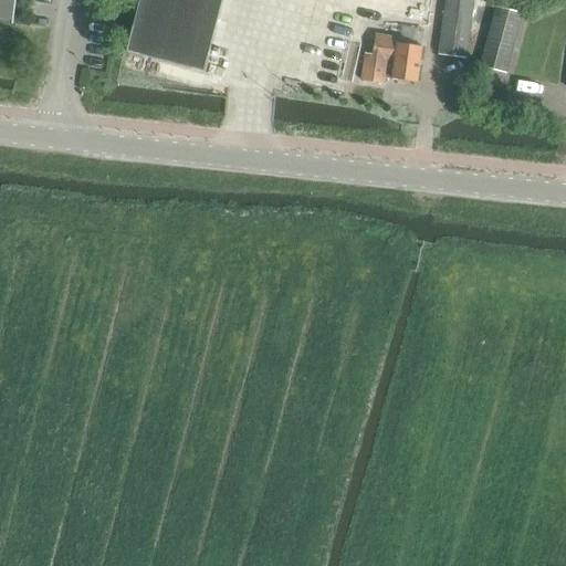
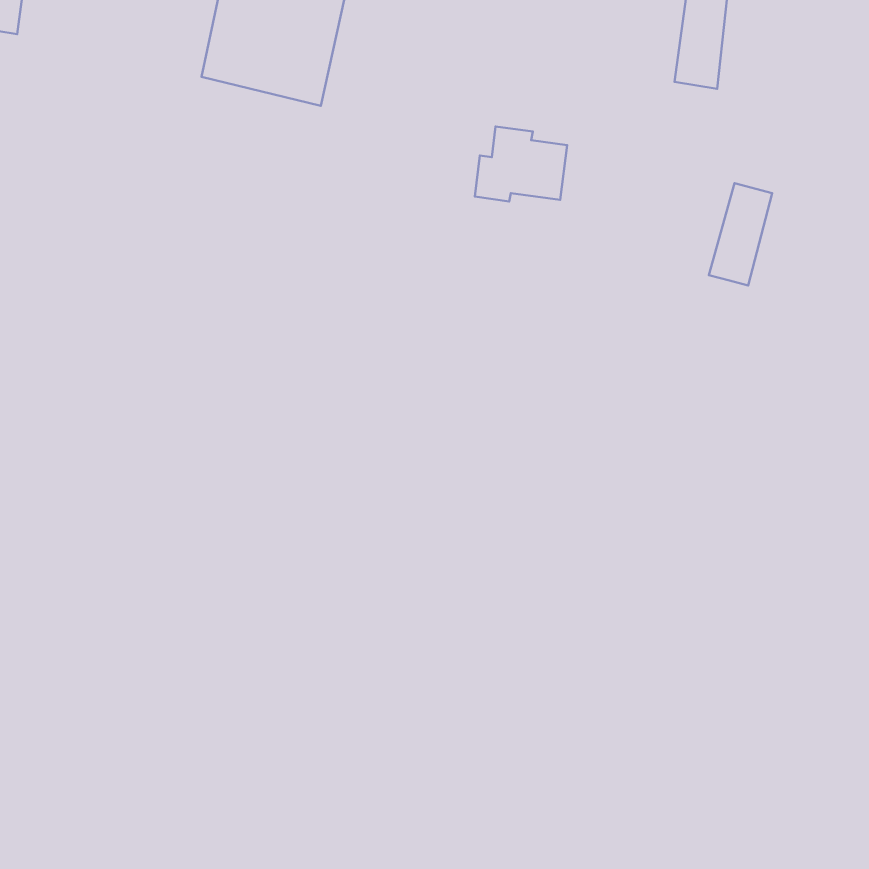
building: [479,6,520,72] -> [709,183,772,286]
building: [360,33,420,82] -> [475,126,567,202]

